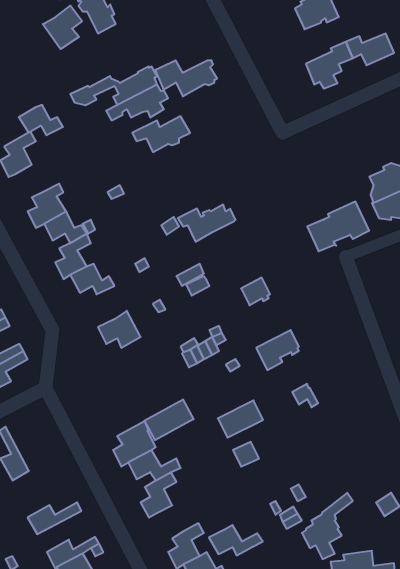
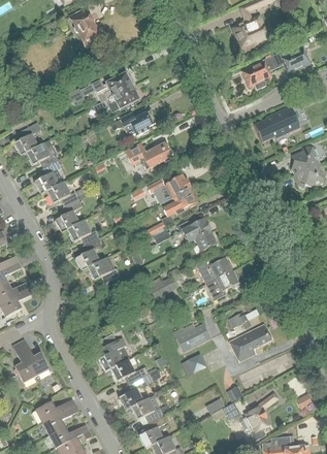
building: [43,6,82,49] -> none
building: [155,60,217,96] -> [125,142,171,169]
building: [19,105,63,135] -> [25,143,58,166]
building: [307,202,369,251] -> [254,104,300,141]
building: none -> [163,188,195,216]
building: none -> [176,218,210,241]
building: none -> [74,236,102,270]
building: none -> [196,256,232,283]
building: [144,399,194,440] -> none
building: none -> [228,322,271,360]
building: none -> [18,338,48,375]
building: none -> [41,404,77,435]
building: [209,525,263,555] -> [130,397,170,420]

